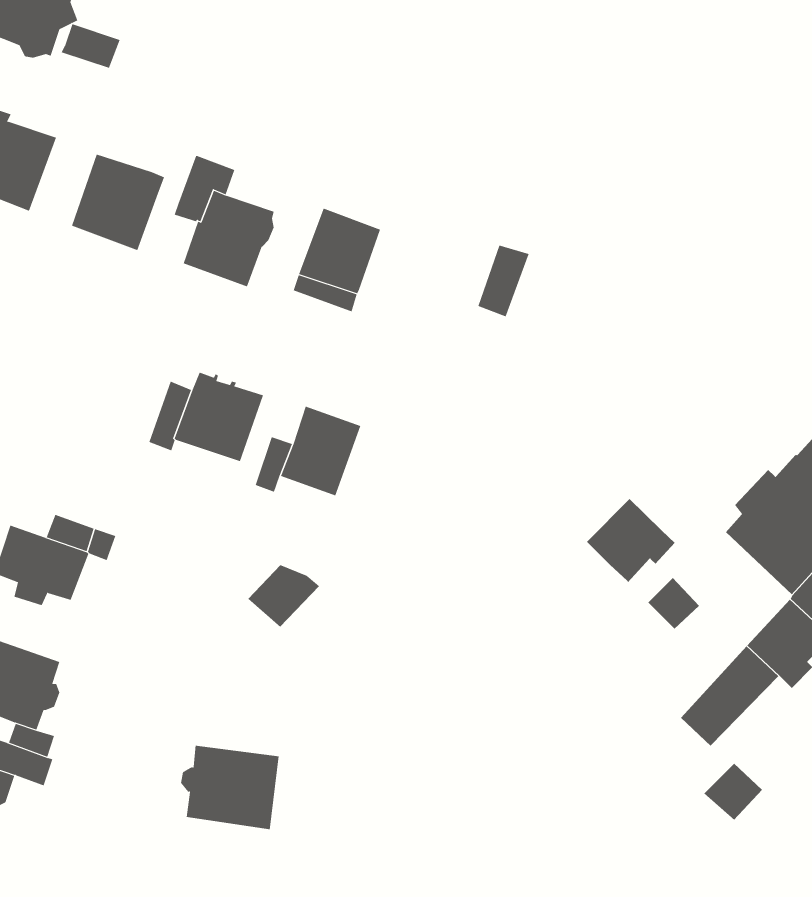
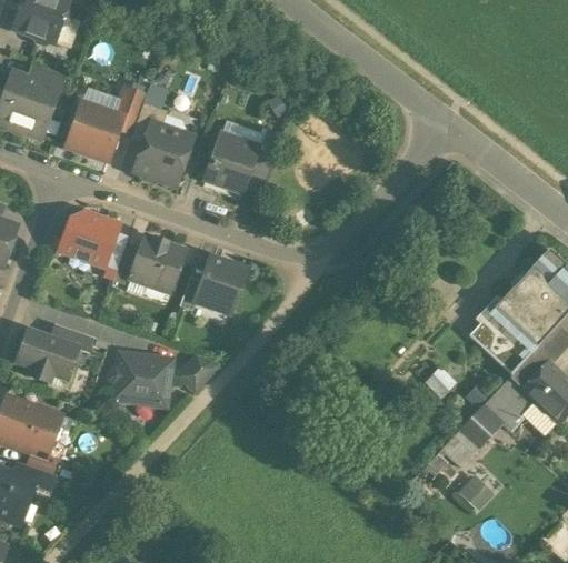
building: [61,24,120,69] -> [28,62,64,90]
building: none -> [117,87,147,131]
building: [477,245,530,317] -> [245,147,277,191]
building: none -> [54,205,123,265]
building: [586,498,676,583] -> none
building: [180,745,279,830] -> [111,352,172,404]

